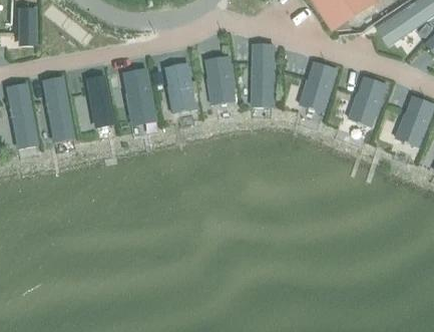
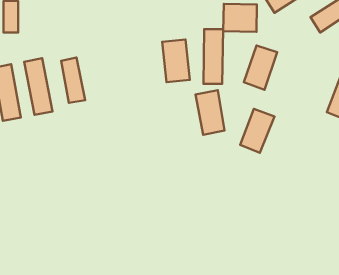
building: none -> [223,4,257,32]
building: [162,62,196,114] -> [195,90,225,135]
building: [121,68,155,125] -> none
building: [348,75,388,126] -> [240,109,275,153]

